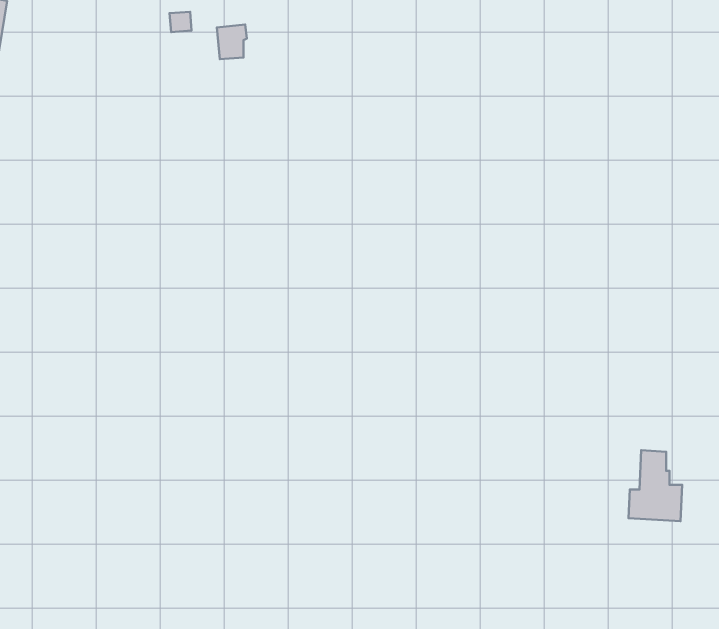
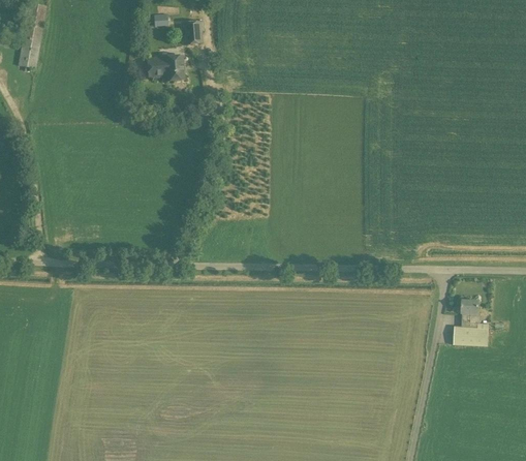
building: none -> [147,55,183,81]

